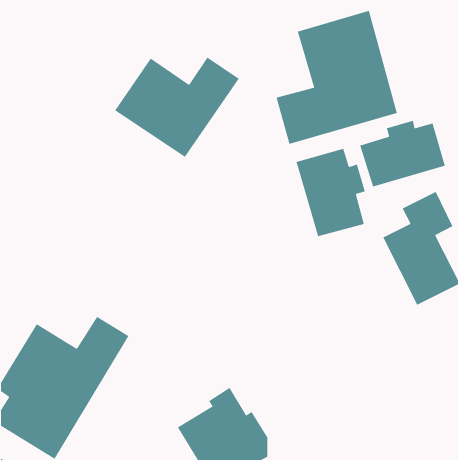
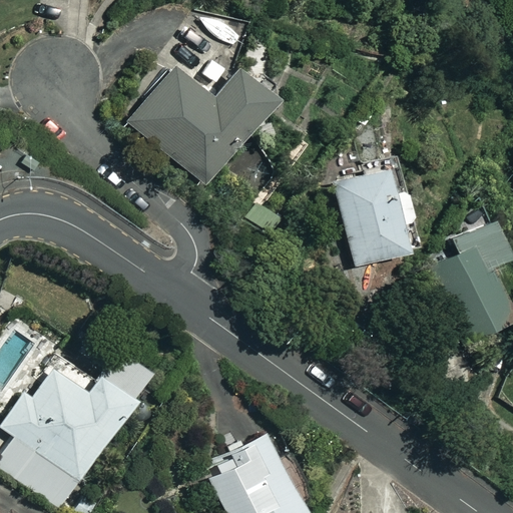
building: [276,10,398,145] -> none
building: [359,120,446,187] -> none

